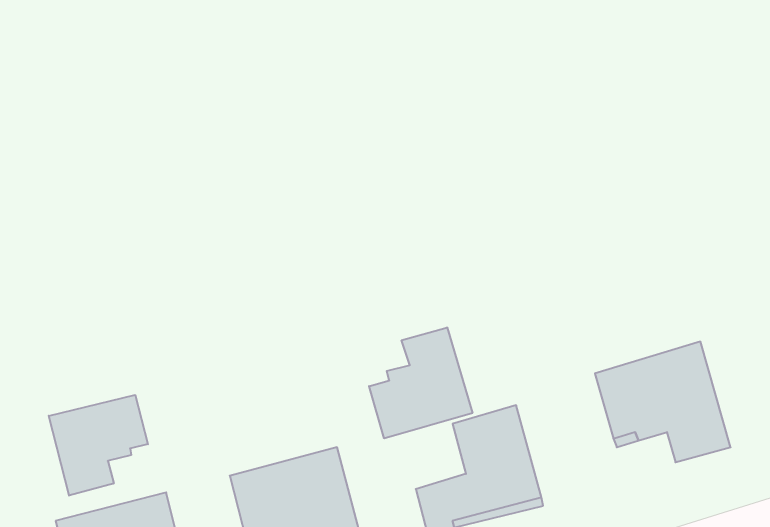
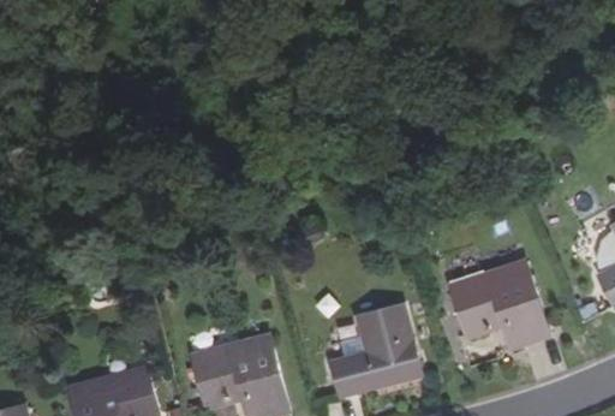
building: [369,327,472,438] -> none
building: [49,395,148,496] -> none

